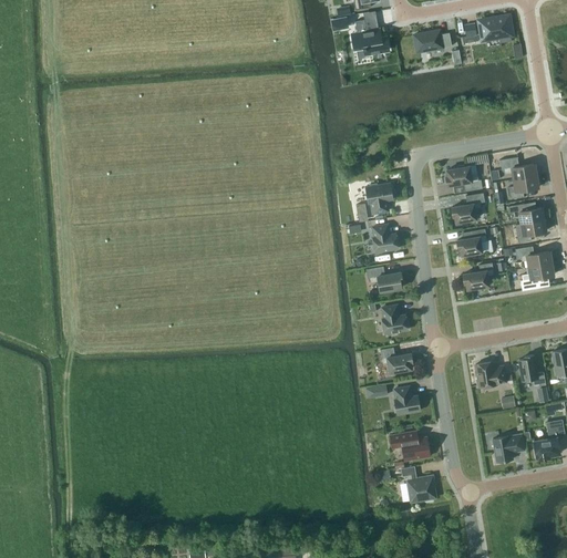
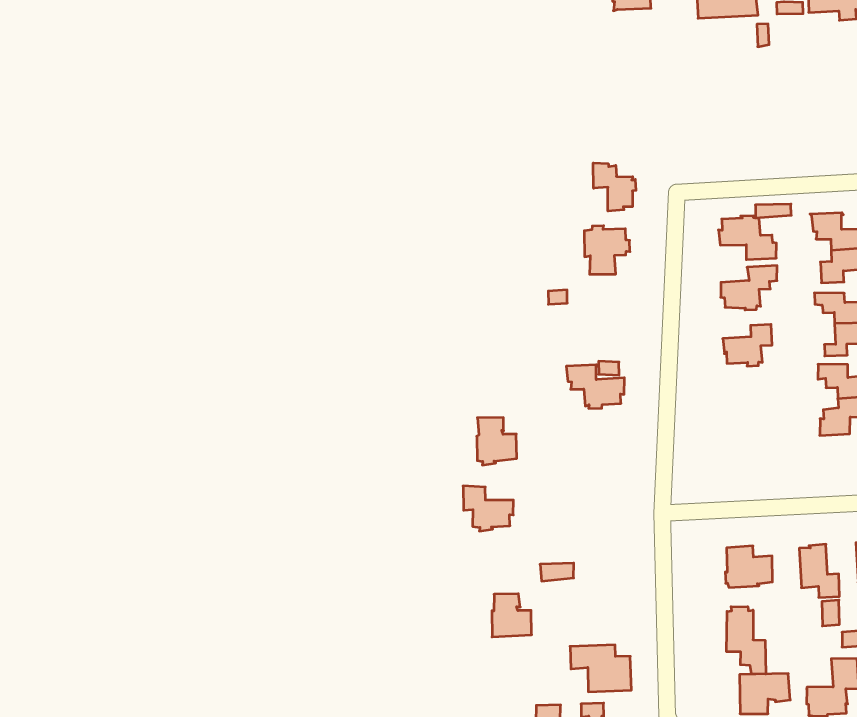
building: none -> [593,163,636,211]
building: [372,224,399,252] -> none
building: [462,262,494,289] -> none
building: [381,306,408,335] -> [477,418,517,465]
building: [380,348,412,374] -> [463,486,513,531]
building: [394,386,420,414] -> [492,594,532,637]
building: none -> [727,607,766,674]

